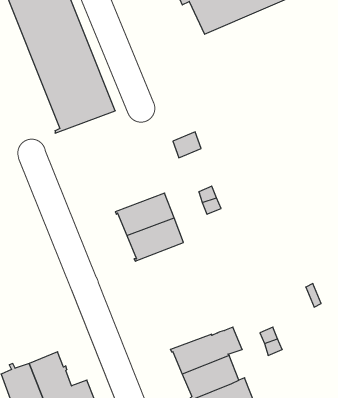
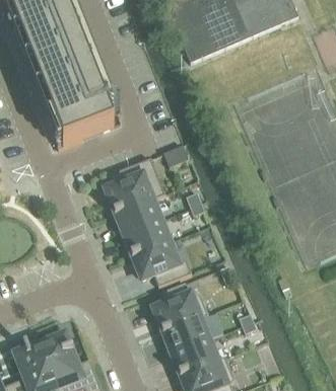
building: none -> [106,158,165,214]
building: none -> [131,240,192,287]
building: none -> [153,283,208,332]

